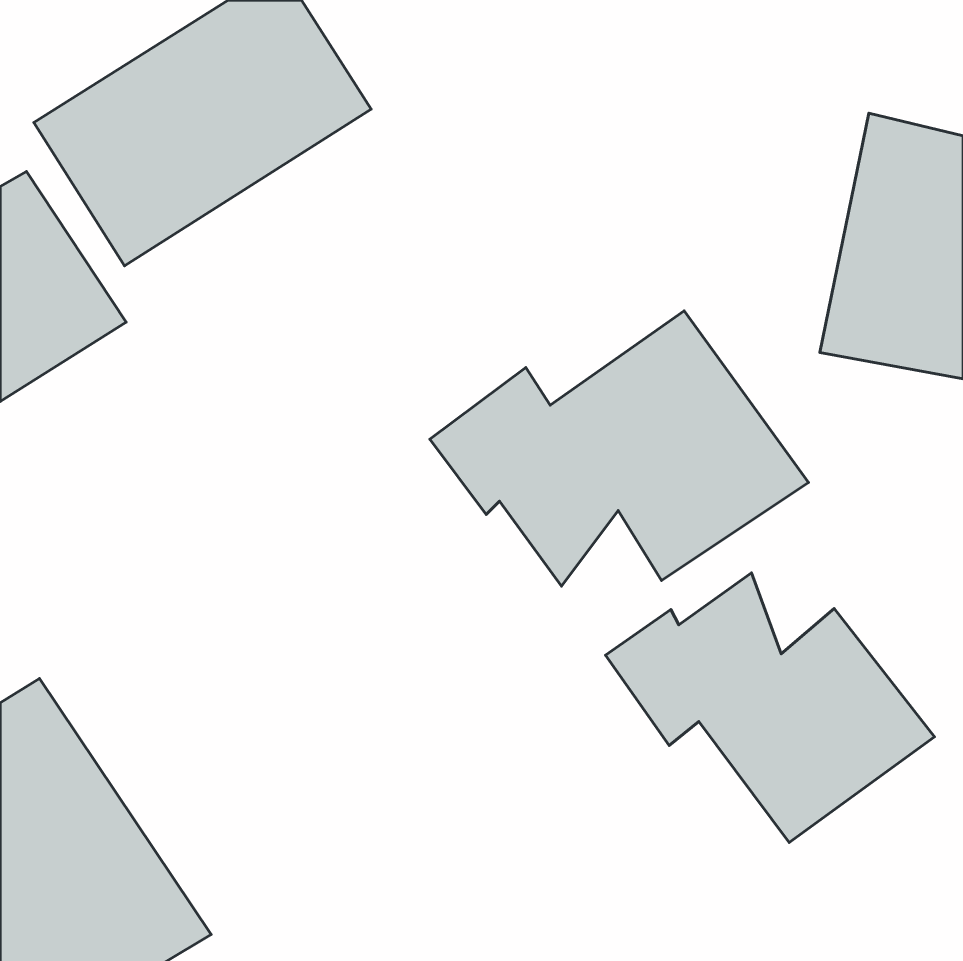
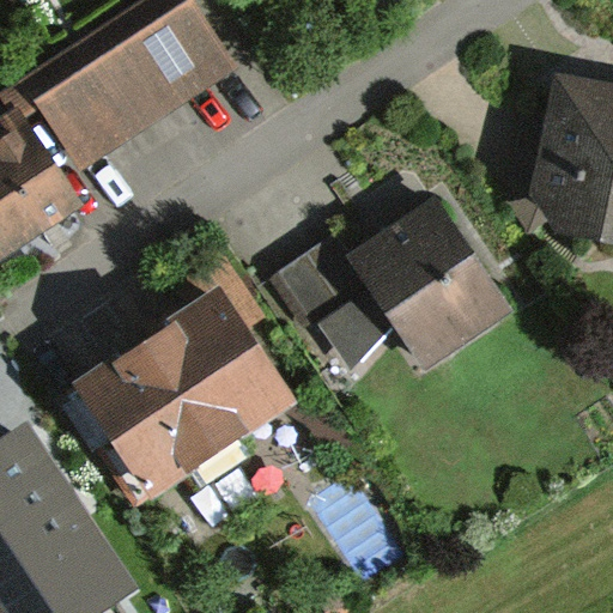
building: none -> [77,253,293,496]
building: [605,573,935,842] -> none

